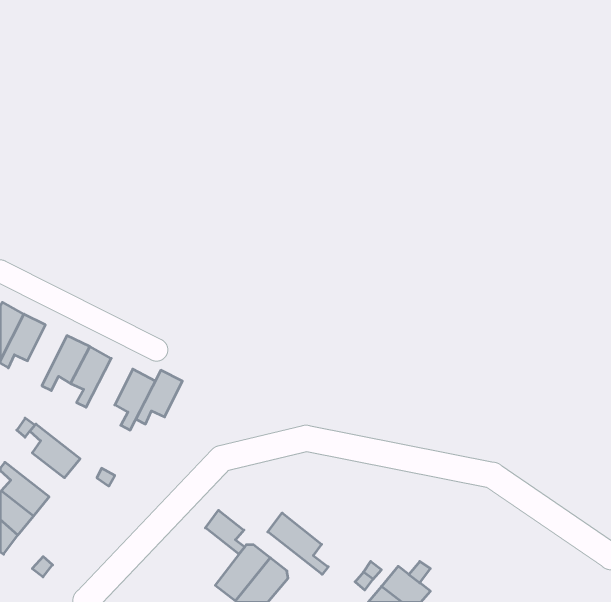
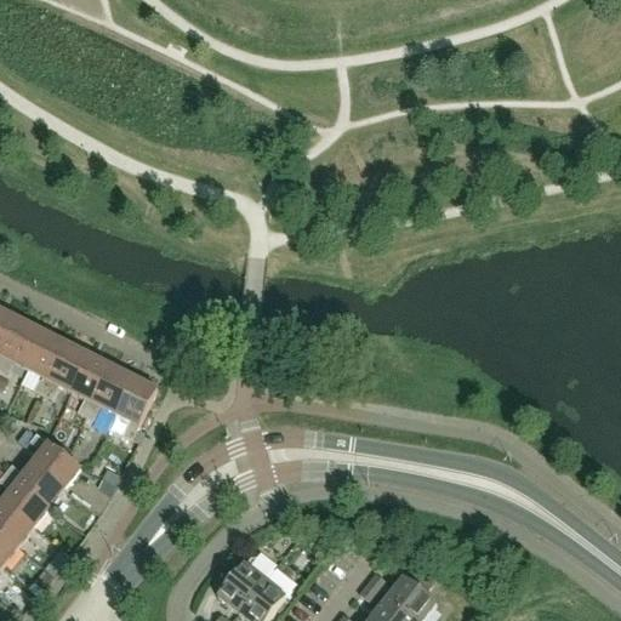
building: none -> [28,330,68,392]
building: [136,370,182,424] -> [87,364,135,418]
building: none -> [5,460,65,505]
building: [205,510,245,554] -> none
building: [268,513,328,574] -> none

